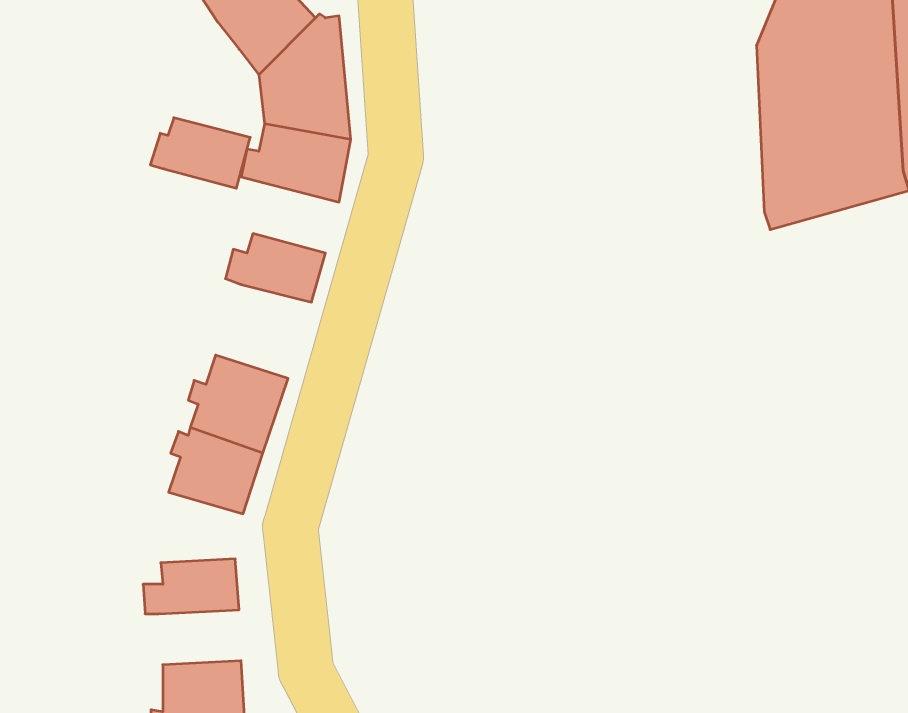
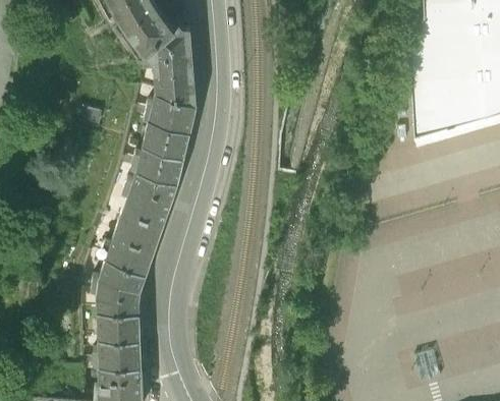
building: [150,118,250,188] -> [140,119,191,156]
building: none -> [125,172,177,221]
building: none -> [93,280,142,317]
building: none -> [91,341,141,369]

